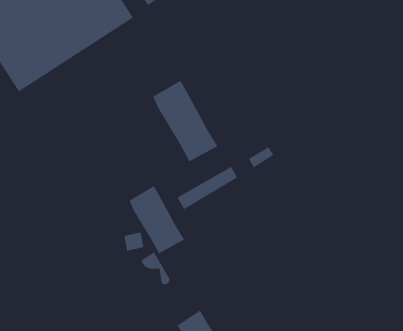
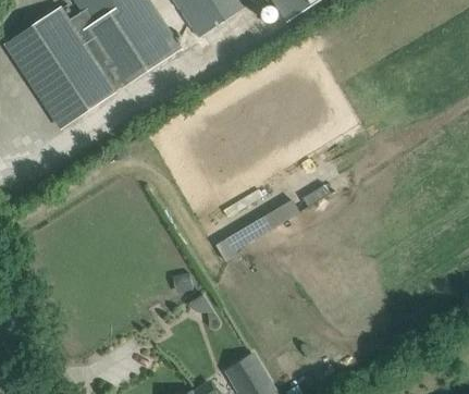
building: [152,80,218,162] -> none
building: [129,185,185,254] -> none

